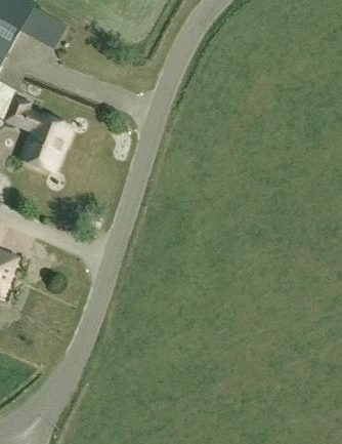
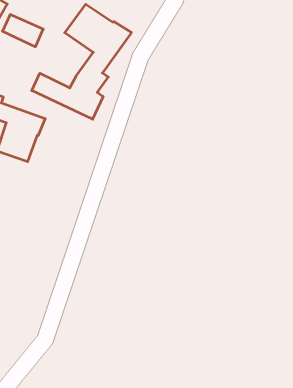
building: none -> [32,4,131,119]

